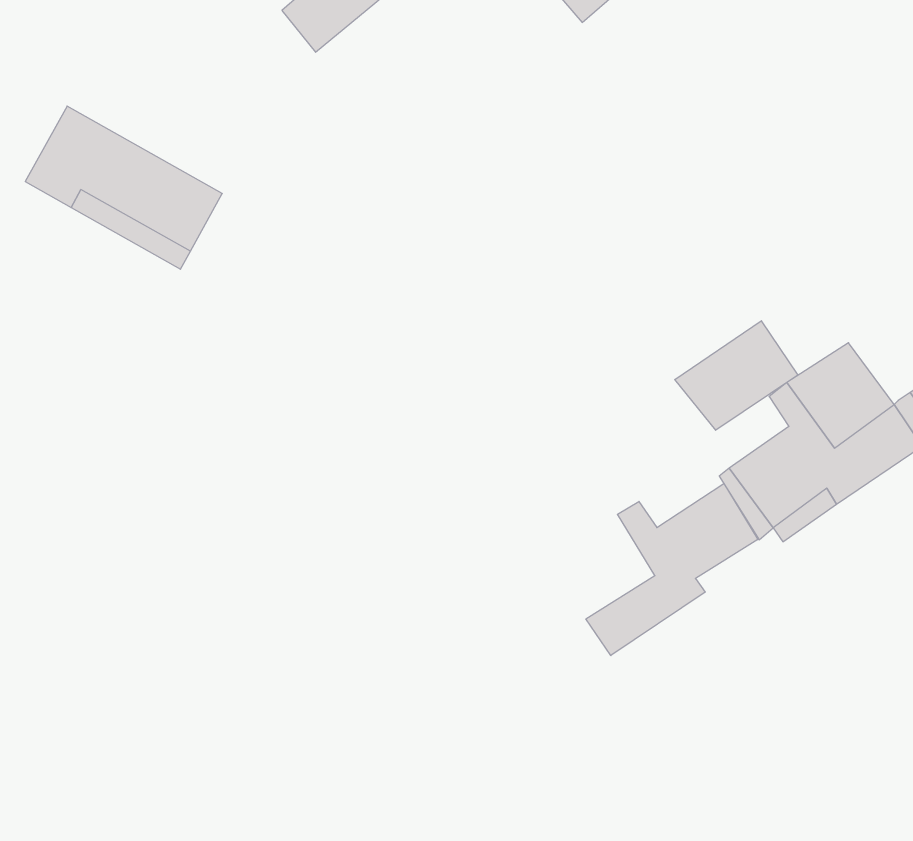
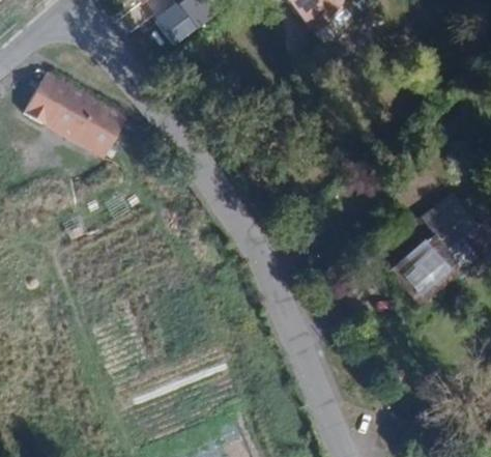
building: [675,321,798,430] -> none
building: [586,484,758,656] -> none

